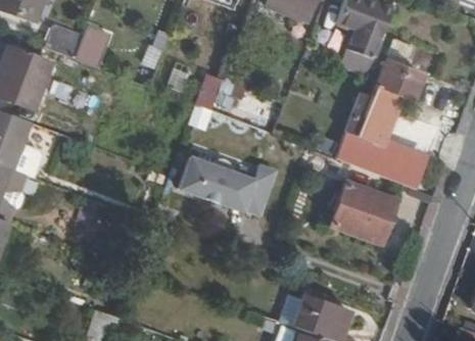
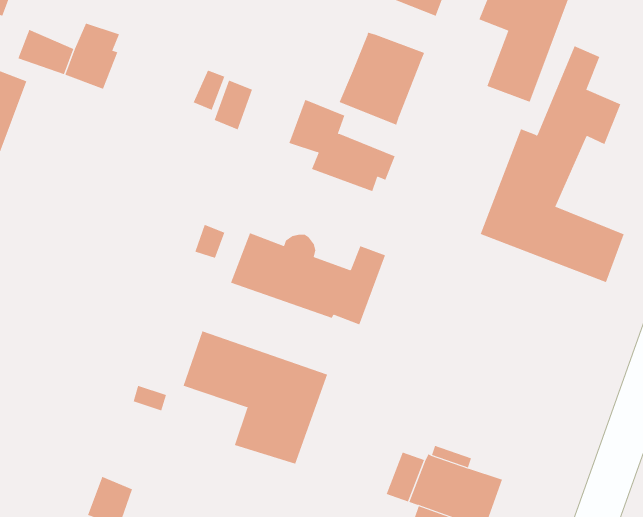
building: none -> [339,32,425,126]
building: [330,180,396,243] -> none
building: none -> [183,330,328,465]

